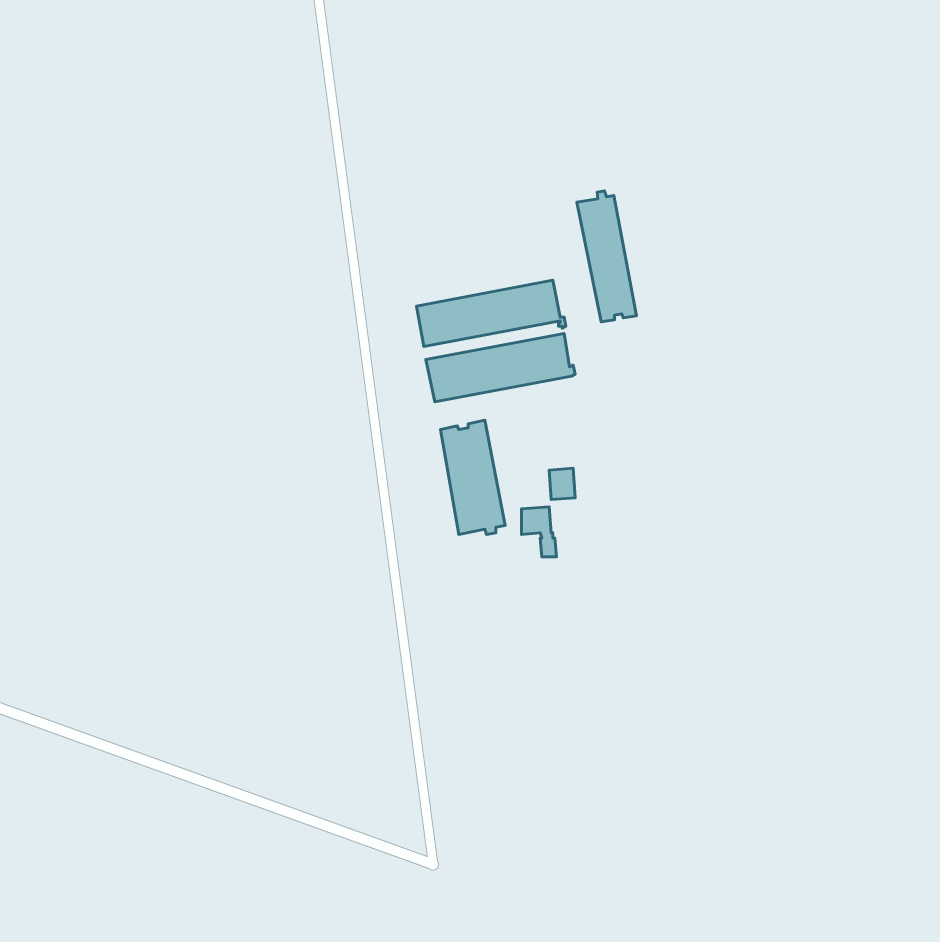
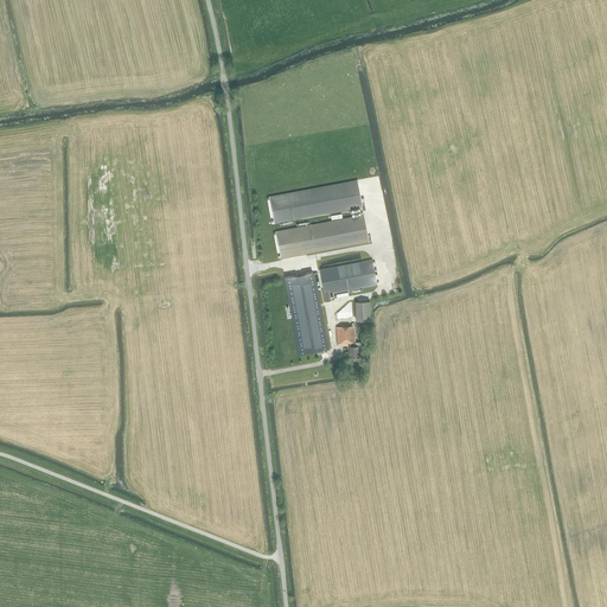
building: [577,191,637,322] -> none
building: none -> [319,260,377,302]

